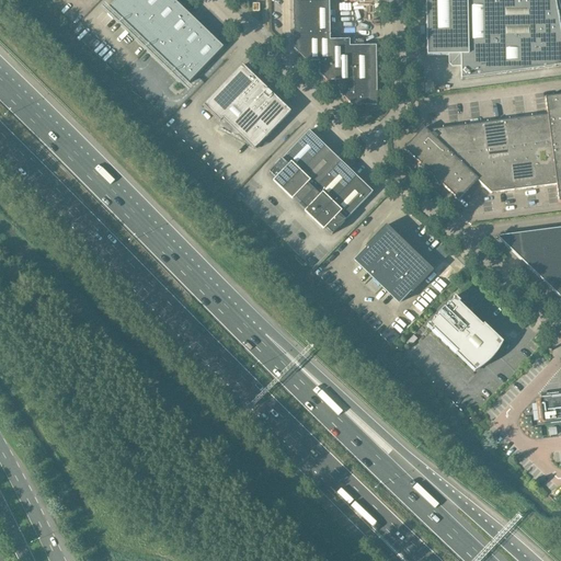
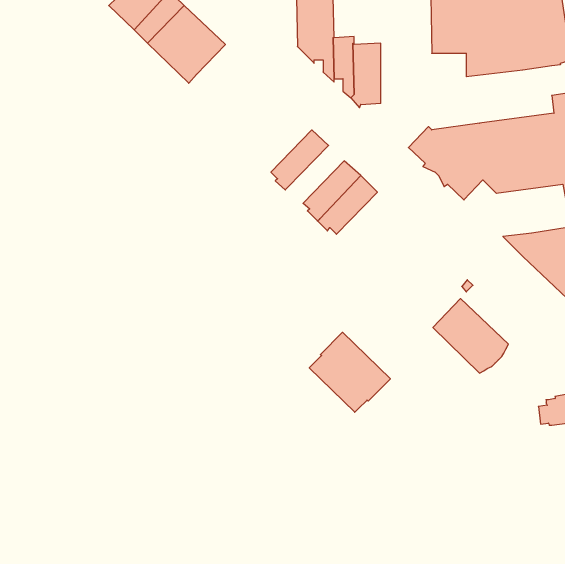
building: [205,62,291,147] -> none
building: [284,144,342,201] -> none
building: [355,222,435,301] -> [309,332,390,412]

